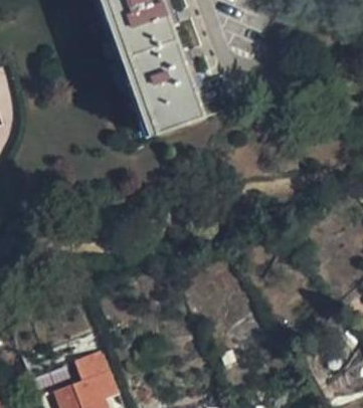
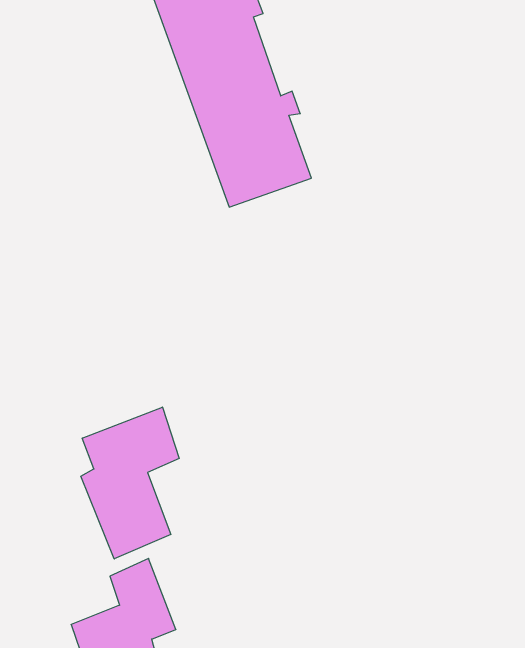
building: none -> [81,407,179,559]

